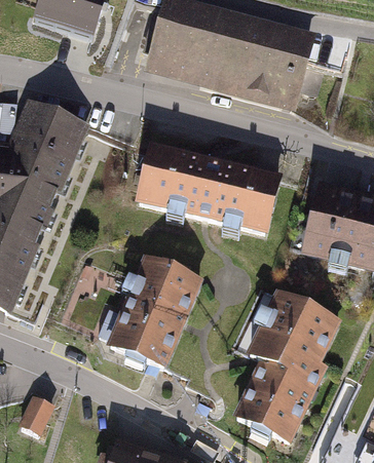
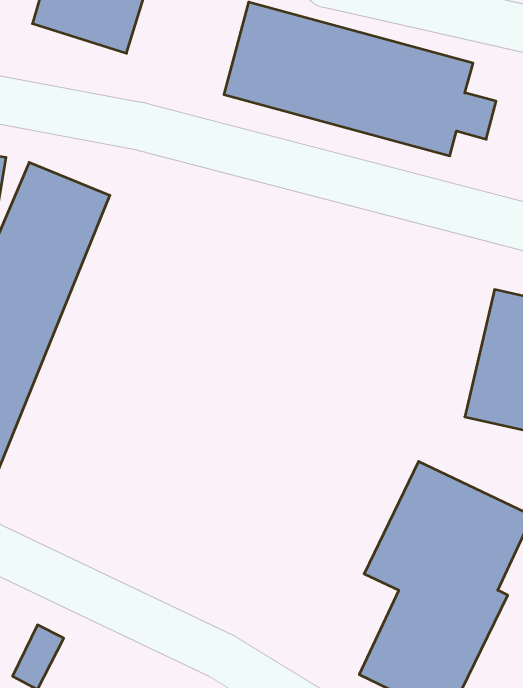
building: [134,144,285,238] -> none
building: [103,256,204,375] -> none

